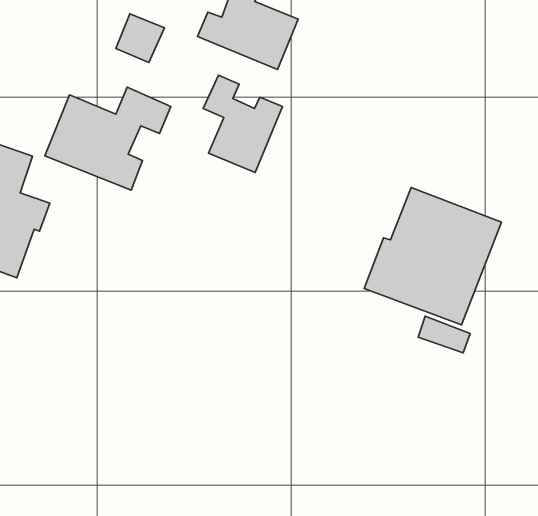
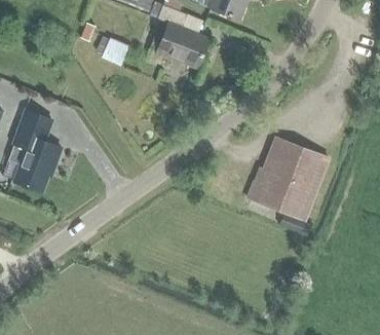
building: [203,75,282,172] -> none
building: [45,87,171,190] -> none

